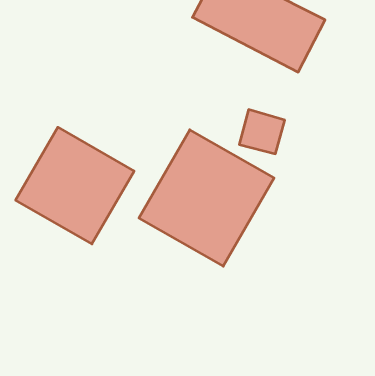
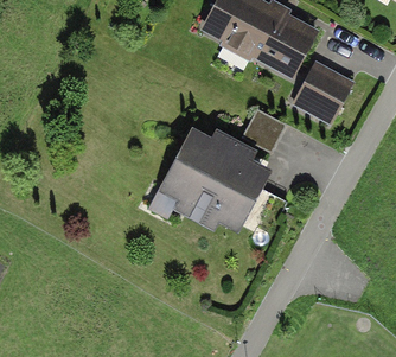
building: none -> [292,68,347,125]
building: [16,127,134,244] -> none

